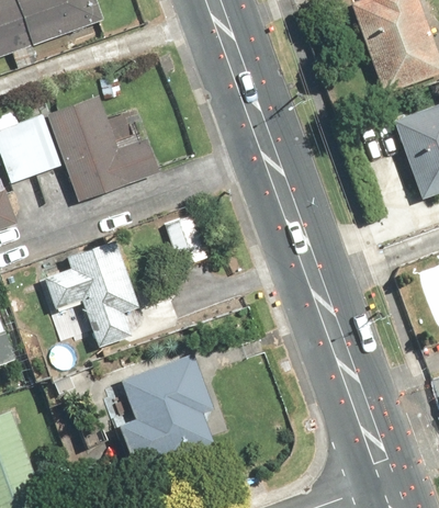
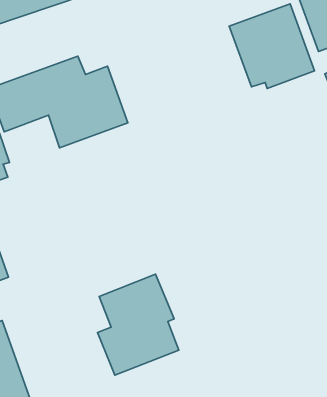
building: none -> [229,4,315,89]
building: [44,239,148,347] -> none

